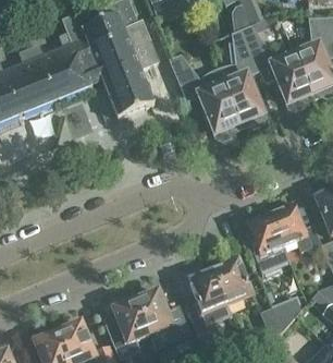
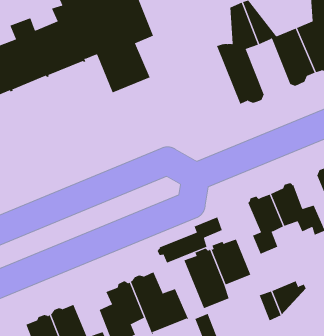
building: [169,53,240,138] -> none
building: none -> [157,217,222,264]

